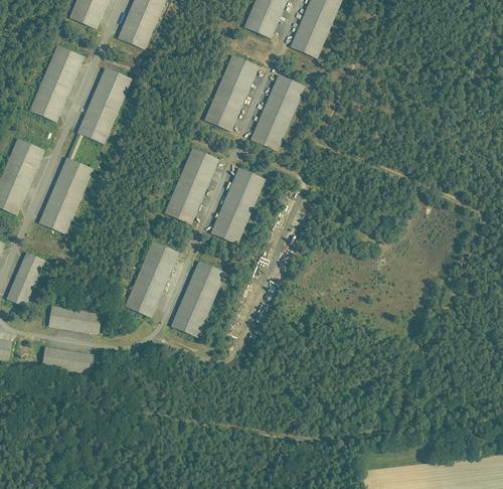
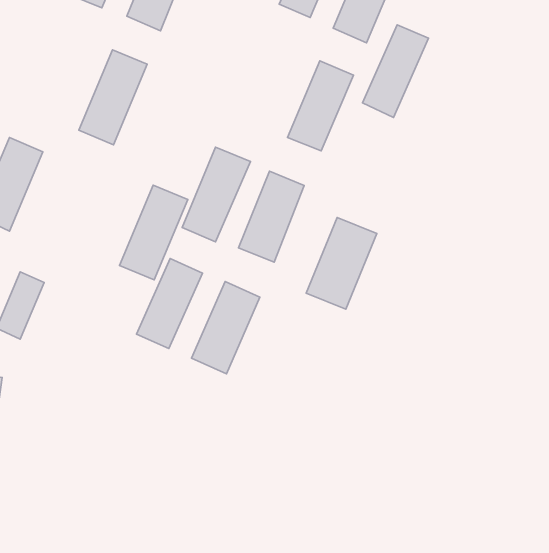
building: [30,43,85,120] -> none
building: [203,53,259,131] -> [362,25,428,117]
building: [38,157,96,236] -> [119,185,188,280]
building: none -> [306,217,377,309]
building: [46,305,100,331] -> none
building: [41,347,96,373] -> none

